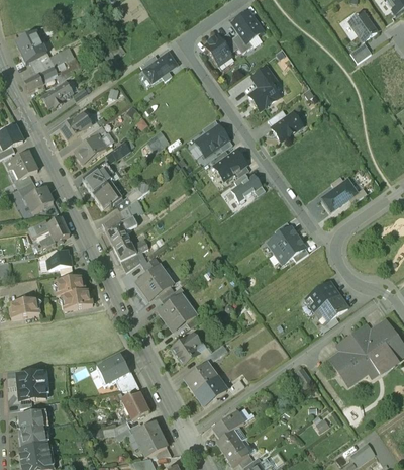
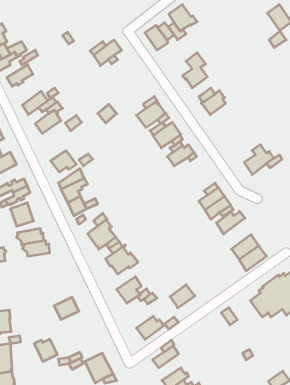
building: [82,162,114,195] -> none
building: none -> [216,211,245,234]
building: [185,365,214,392] -> [170,285,195,308]
building: [121,393,148,419] -> [34,339,57,362]
building: [216,426,247,454] -> none

